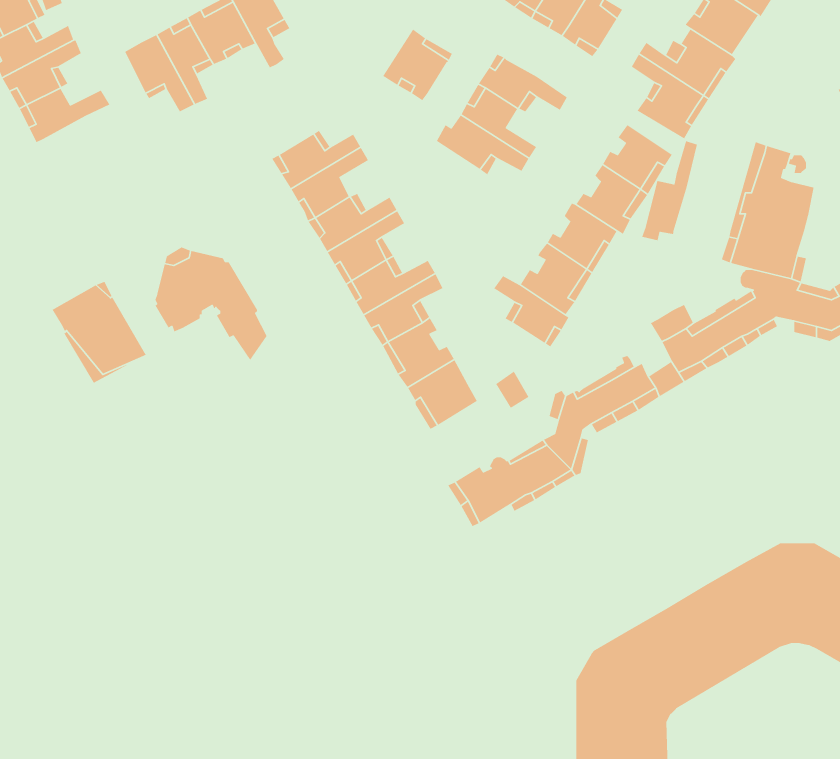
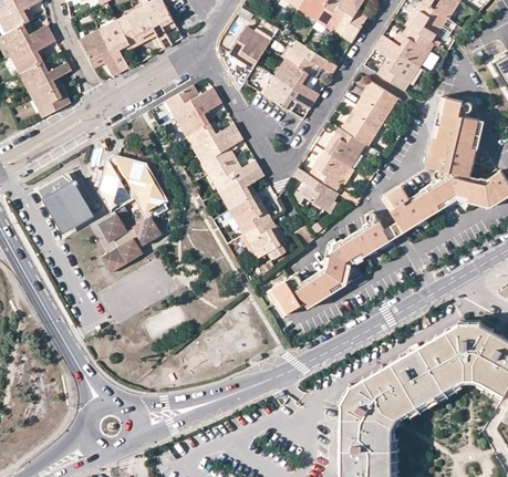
building: none -> [29,77,71,118]
building: [641,140,698,241] -> none
building: none -> [99,217,162,273]

